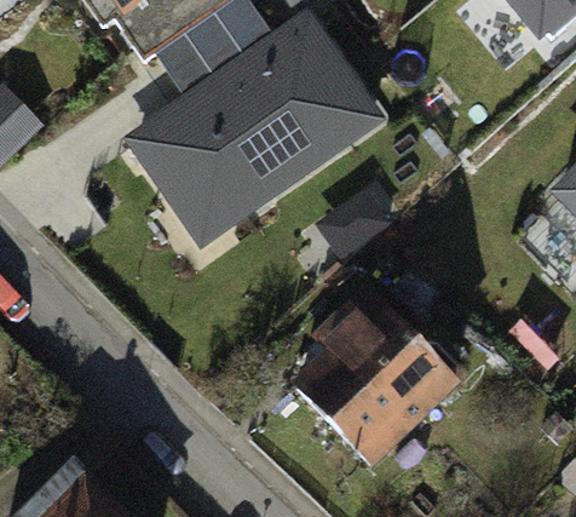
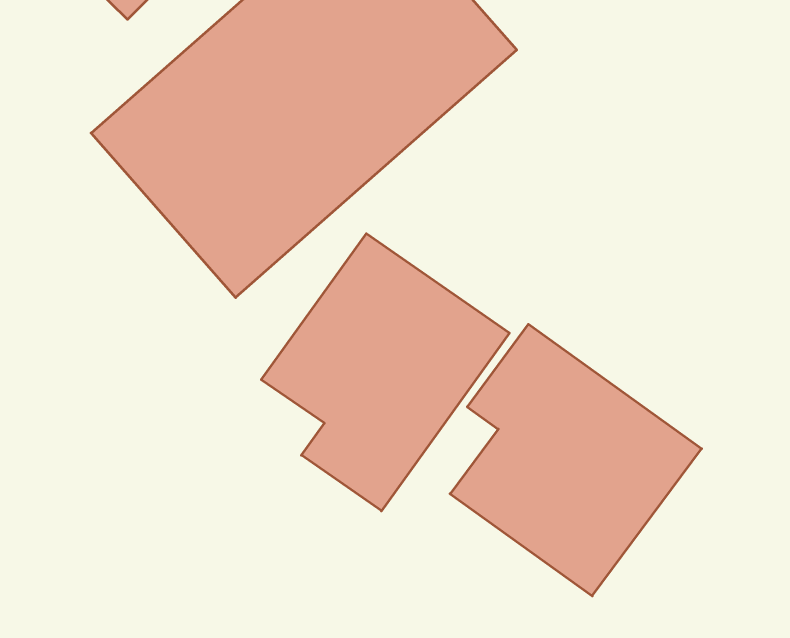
building: none -> [261,234,509,511]

